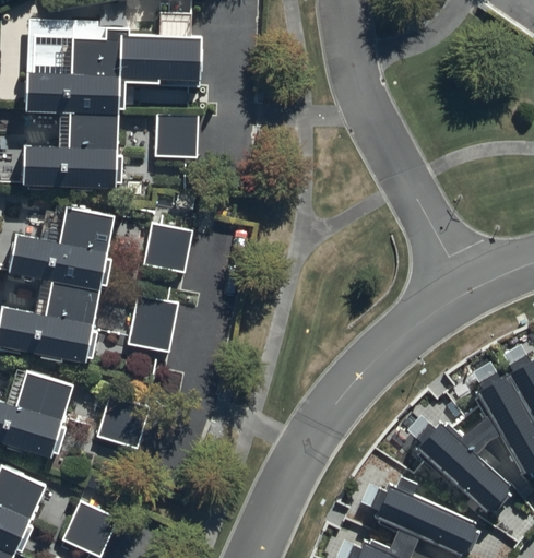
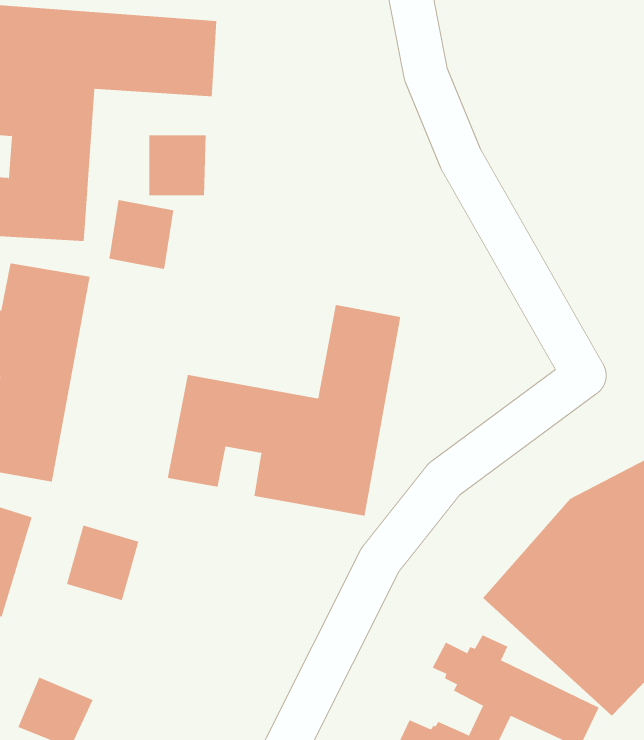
building: [145,224,192,274] -> [109,200,174,270]
building: none -> [167,304,401,517]
building: [128,298,179,354] -> none

